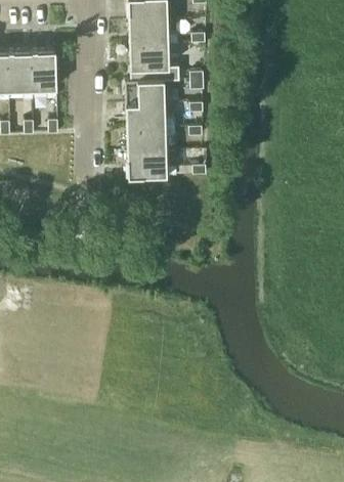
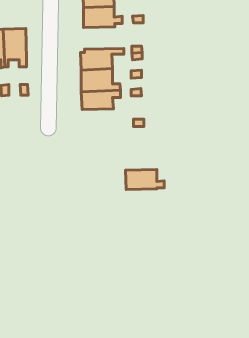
building: [128,49,179,78] -> none
building: [126,154,175,179] -> [125,169,164,190]

